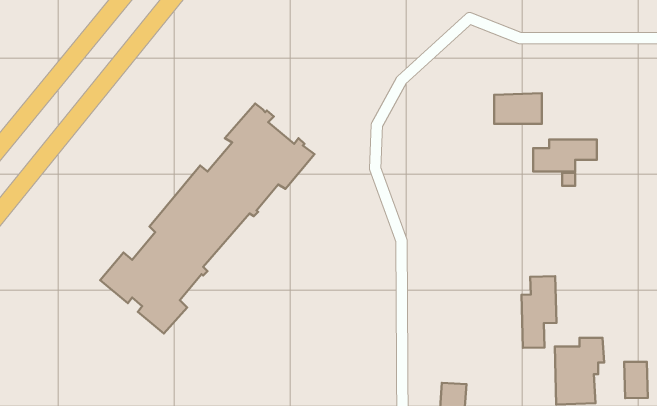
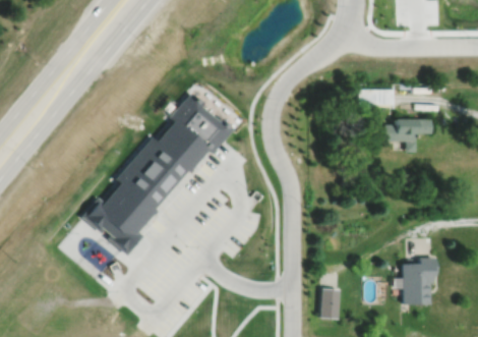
building: [521,276,556,348] -> none
building: [624,362,648,398] -> none

